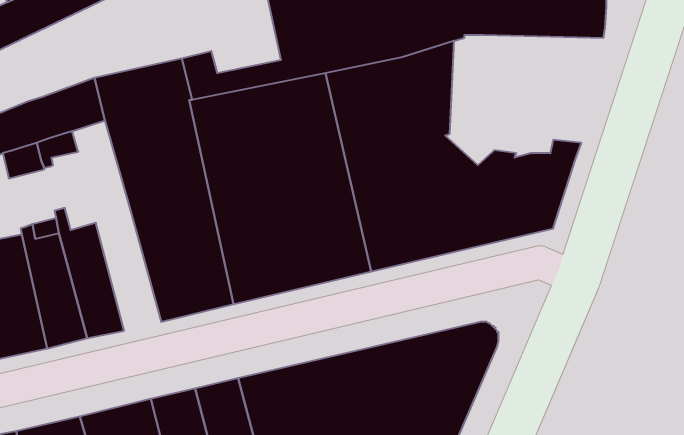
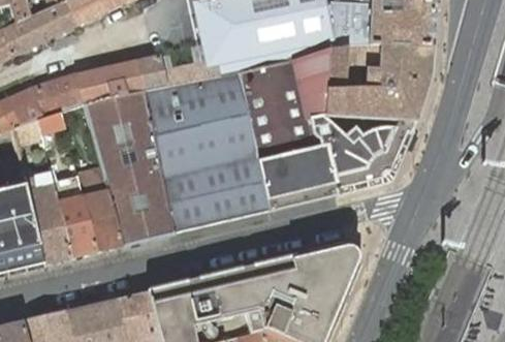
building: none -> [324,44,432,120]
building: none -> [76,166,123,251]

